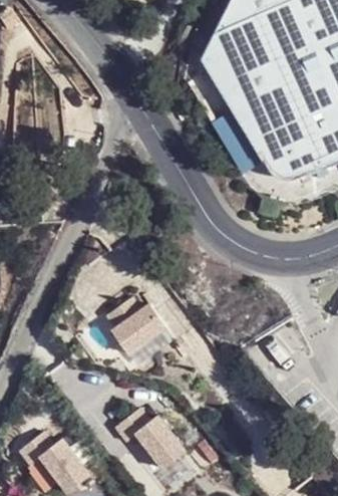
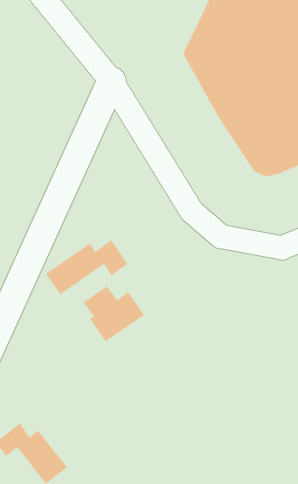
building: none -> [45,239,128,295]
building: [114,404,186,465] -> none

